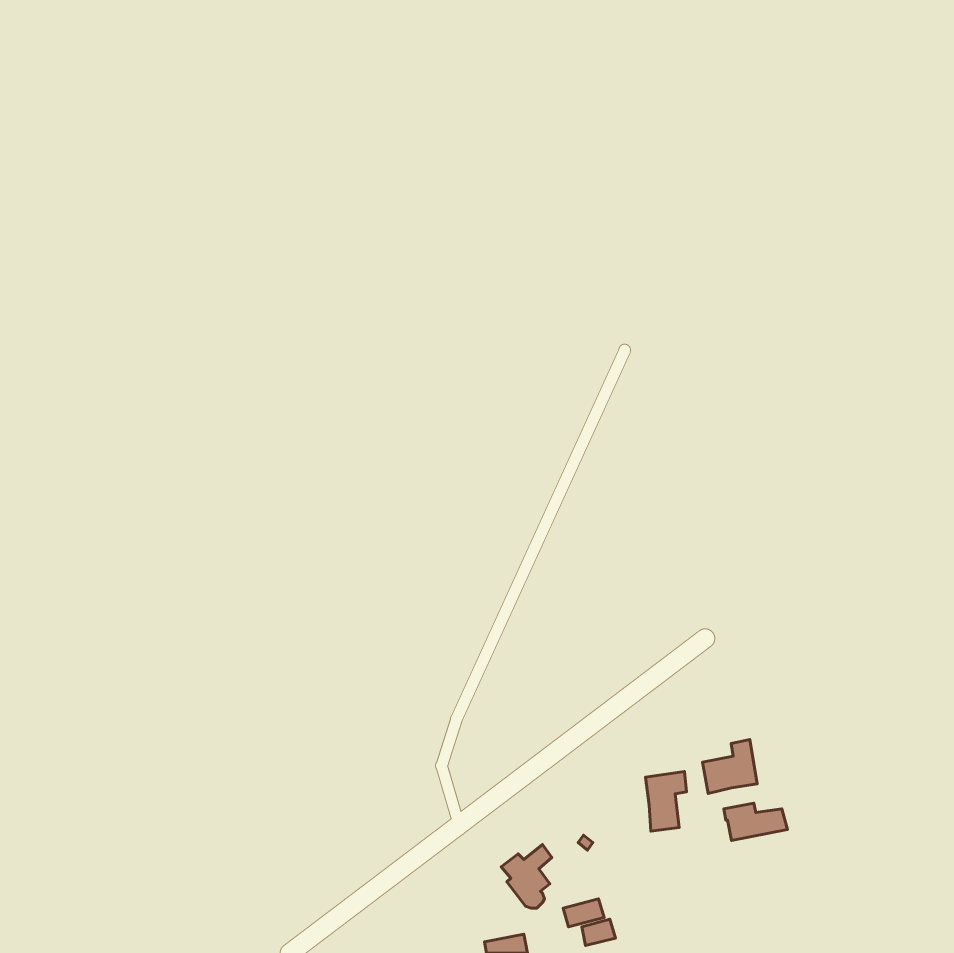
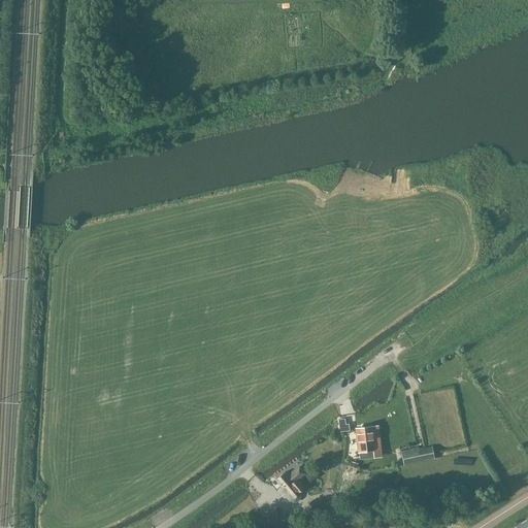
building: [703,740,757,794] -> none

